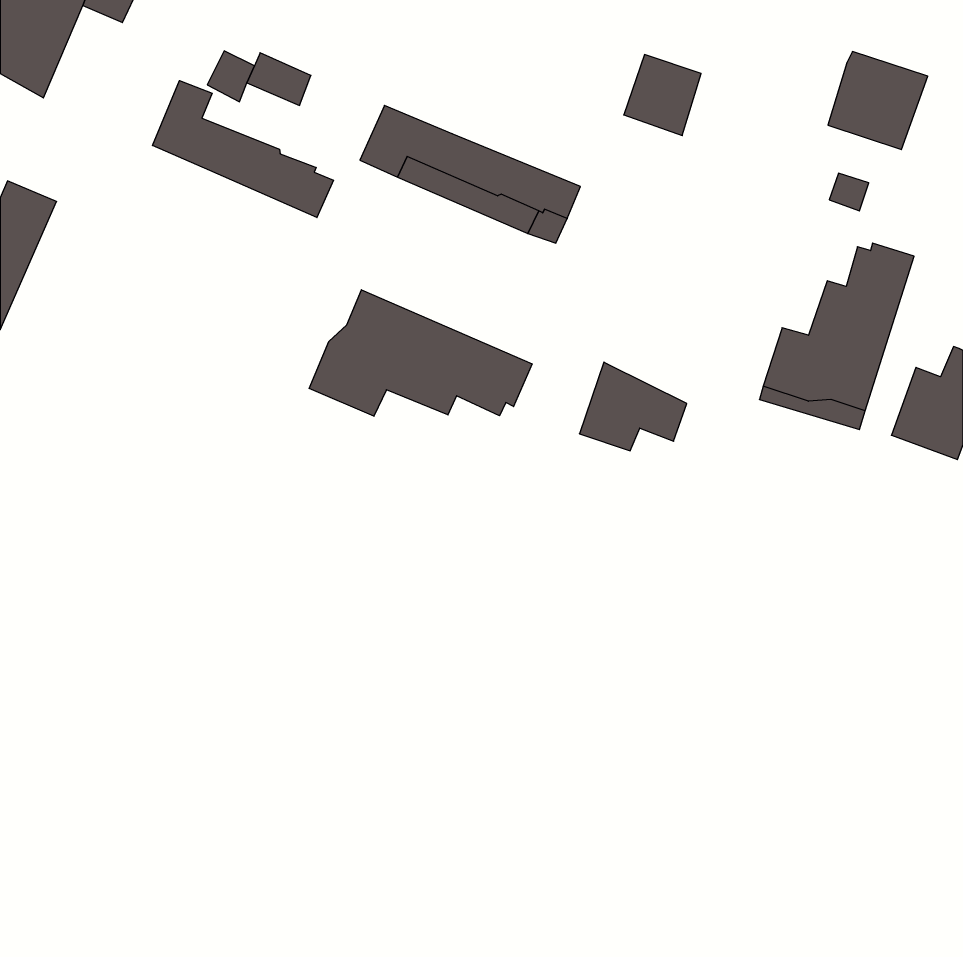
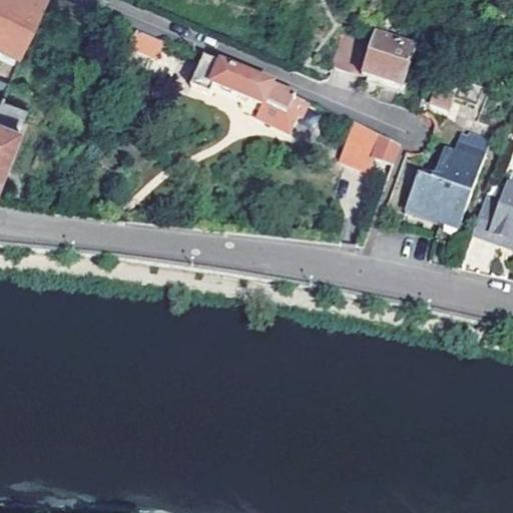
building: [828,52,928,150] -> [363,33,416,85]
building: [153,81,333,218] -> none
building: [309,290,532,416] -> none
building: [579,362,687,451] -> [343,122,400,169]

